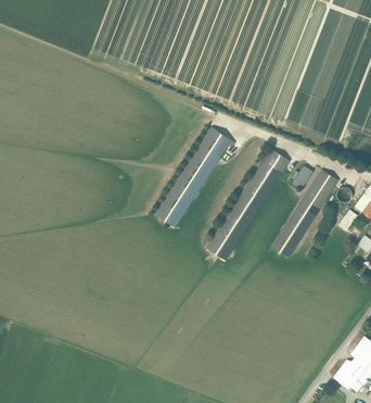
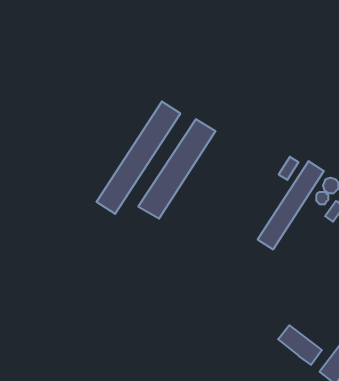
building: [206,149,289,260] -> [96,101,180,214]
building: none -> [278,325,322,365]

